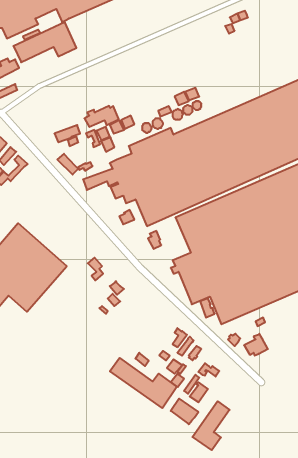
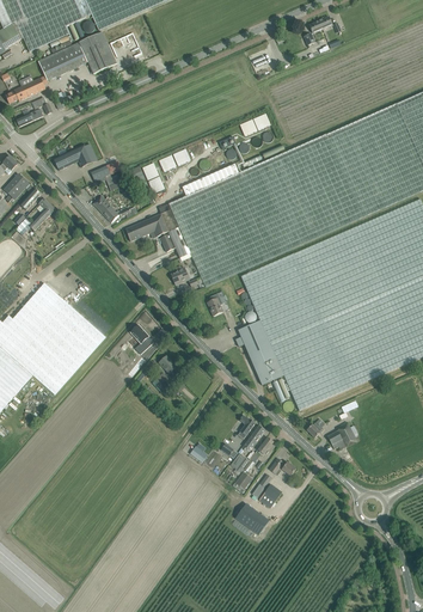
building: [84,106,119,127] -> [54,142,97,169]
building: [110,358,177,408] -> none
building: [192,401,230,450] -> none

